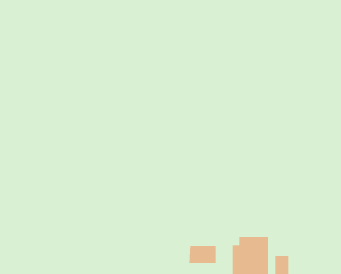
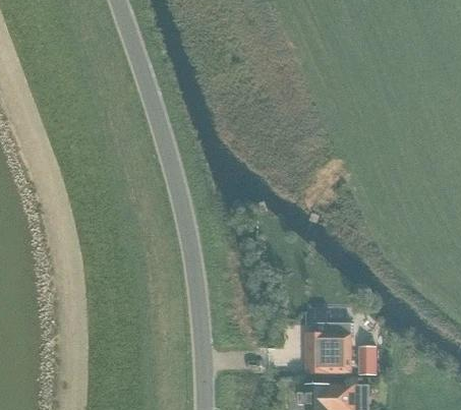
building: [189,245,216,264] -> none

